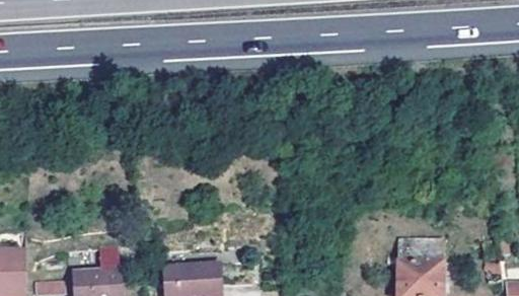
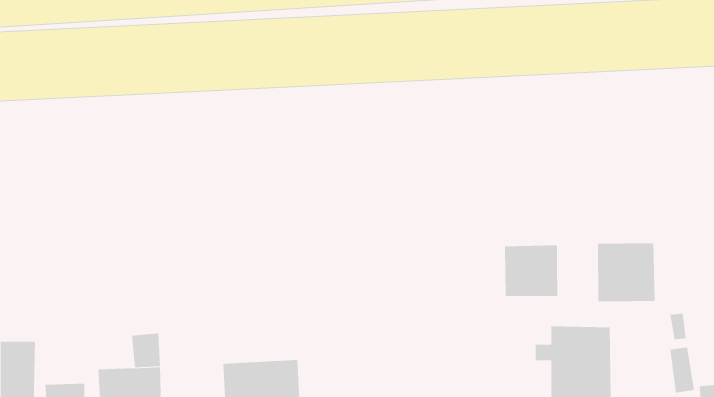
building: none -> [598,242,655,302]
building: none -> [505,244,558,297]

